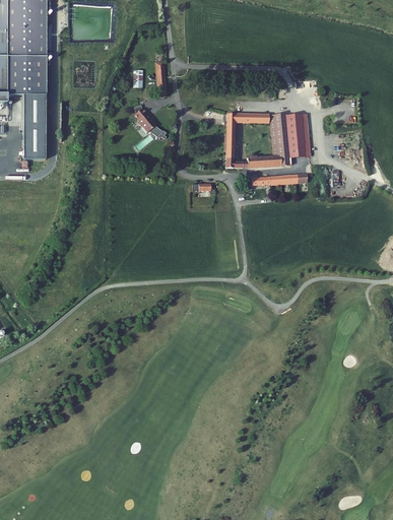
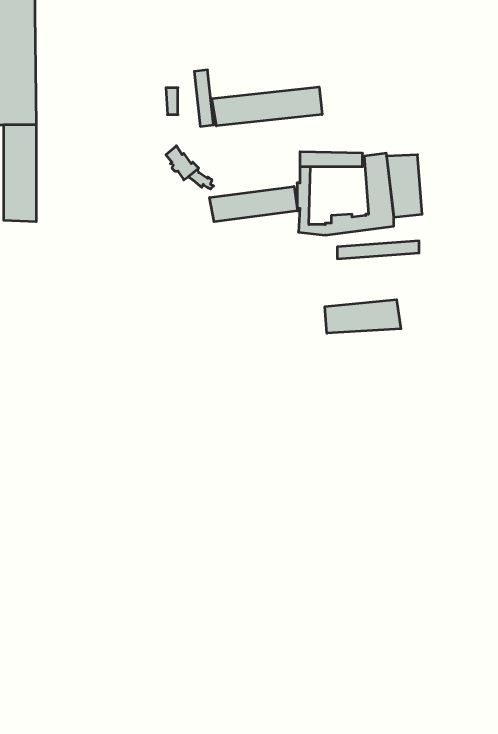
building: none -> [212,87,322,126]
building: none -> [210,186,297,222]
building: none -> [325,300,401,333]

